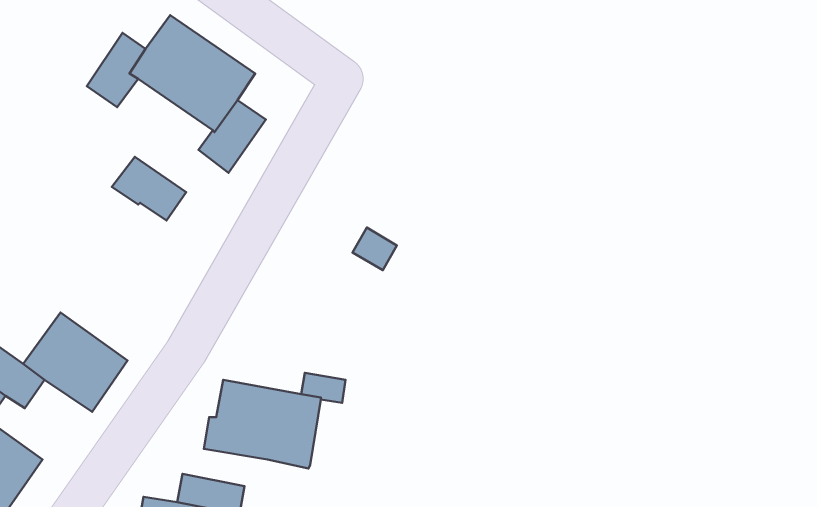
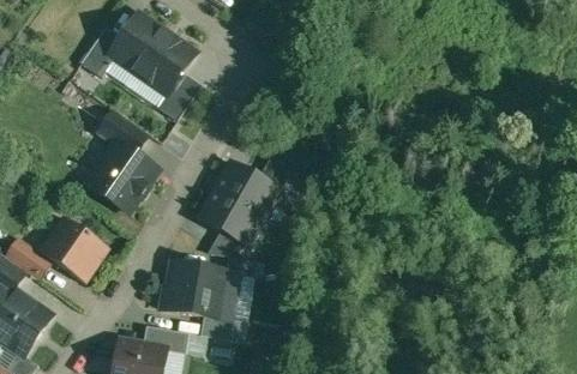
building: none -> [88,143,157,212]
building: none -> [199,163,280,247]
building: none -> [200,316,246,343]

